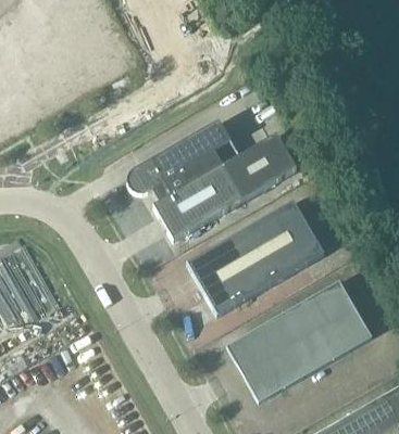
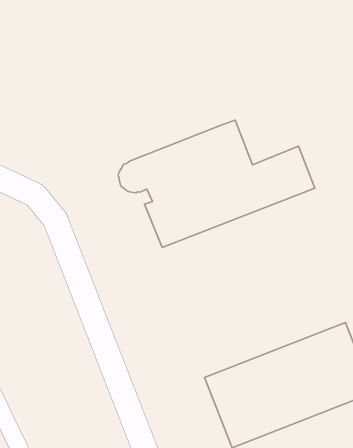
building: [187,201,325,316] -> none

